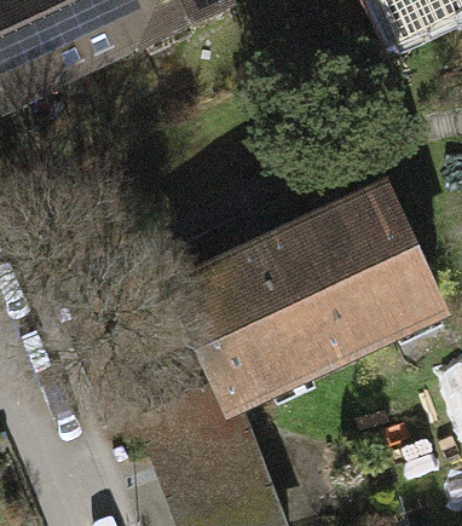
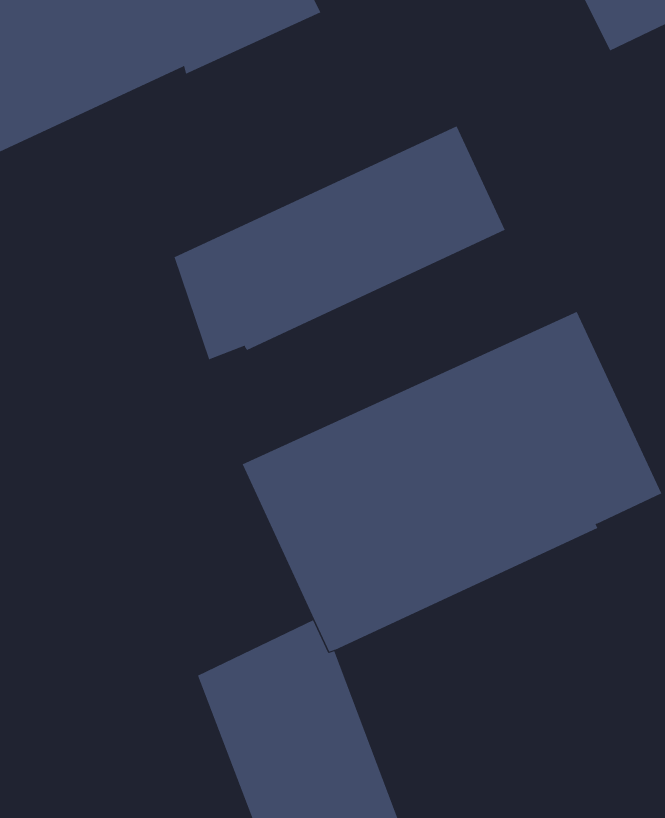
building: none -> [174,126,506,360]

